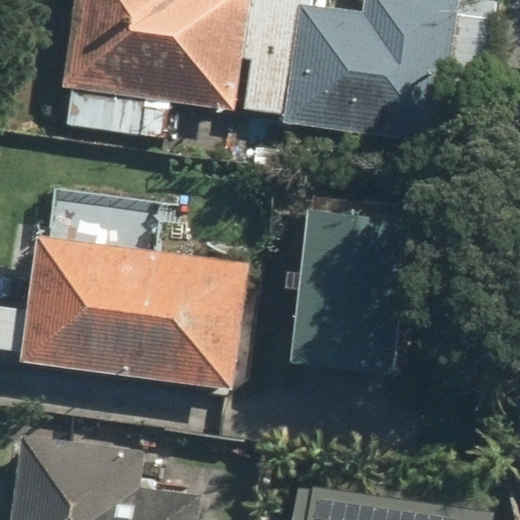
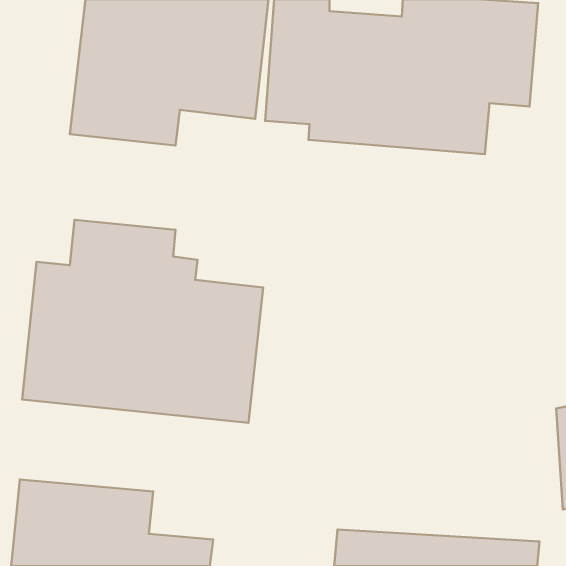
building: [289,210,409,376] -> none

